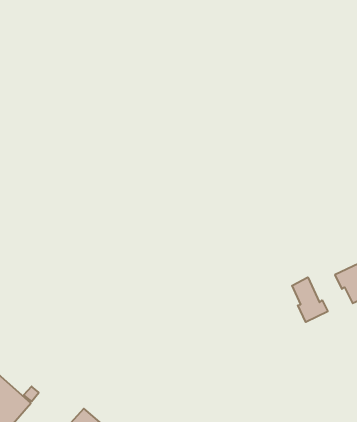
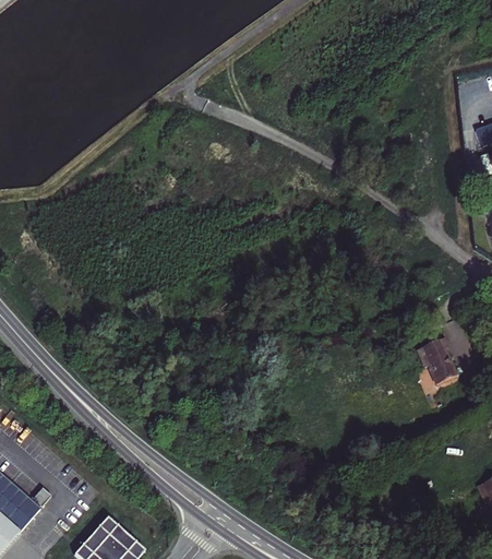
building: [292,277,328,322] -> none

